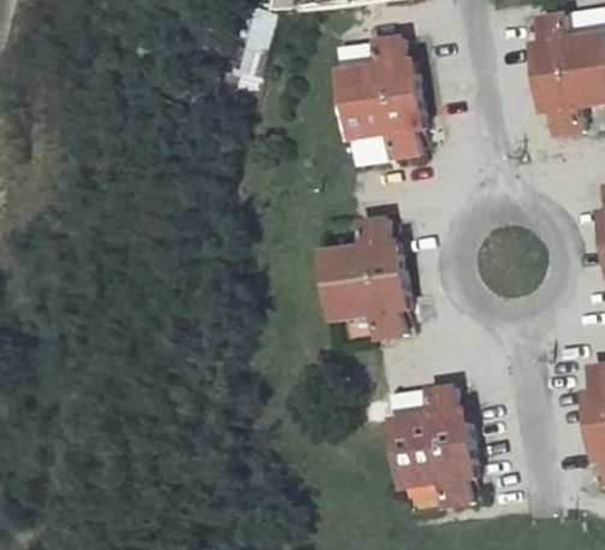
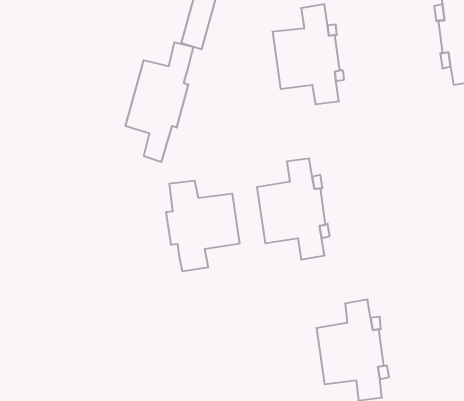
building: none -> [126,42,193,162]
building: none -> [166,181,239,271]

